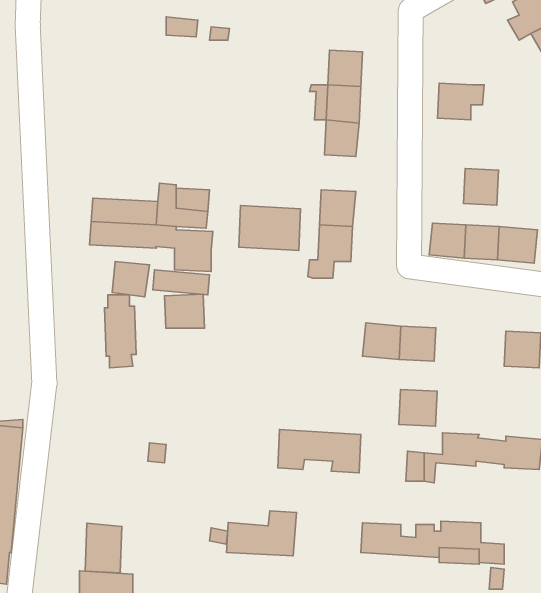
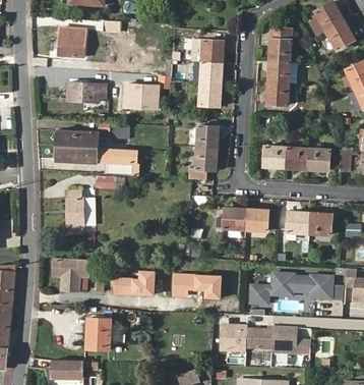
building: none -> [269,28,291,61]
building: none -> [59,29,84,56]
building: none -> [67,82,105,101]
building: [463,169,498,205] -> [267,81,289,104]
building: [239,205,300,250] -> [121,82,159,110]
building: [112,262,150,297] -> none
building: [164,294,204,328] -> none
building: [399,389,437,426] -> [287,211,310,233]
building: none -> [53,259,87,290]
building: [227,511,297,556] -> [112,269,155,296]
building: [85,523,122,573] -> [87,318,110,348]

